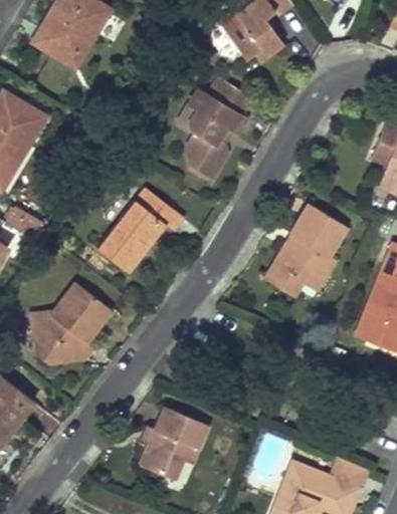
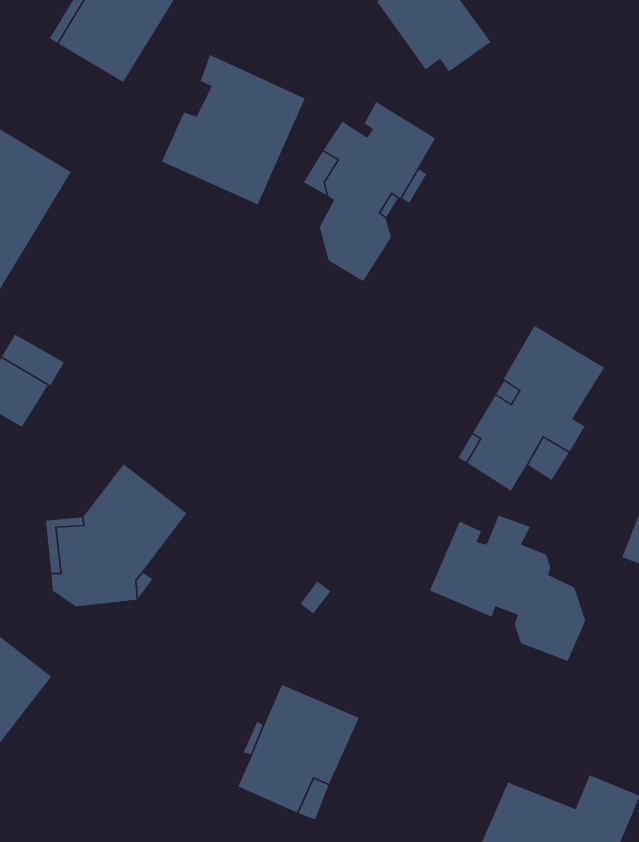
building: none -> [161,54,306,205]
building: [96,187,184,273] -> none
building: none -> [429,514,586,662]

